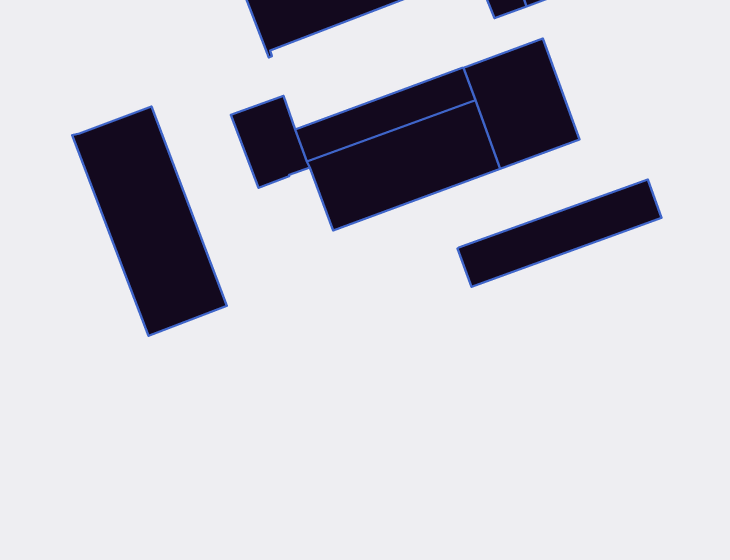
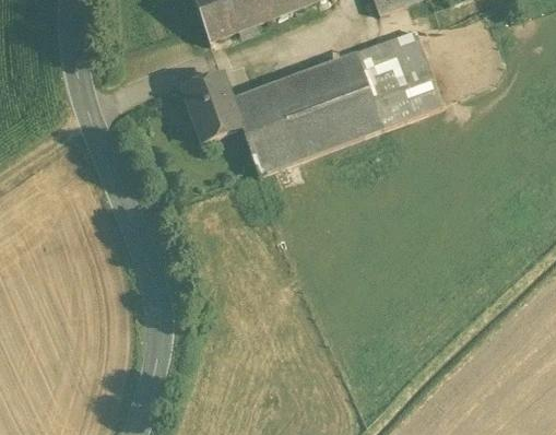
building: [72,106,227,336] -> none
building: [457,180,662,287] -> none

